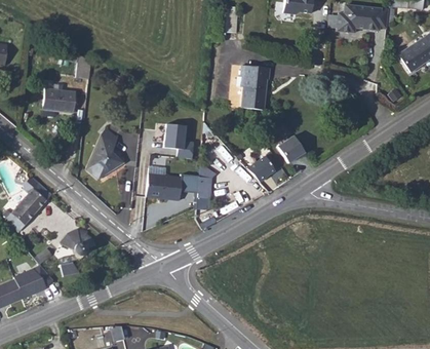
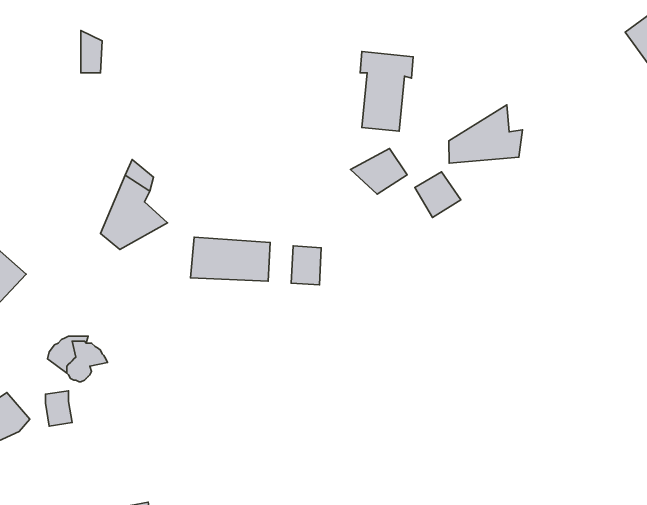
building: [41,87,74,112] -> none
building: none -> [449,105,522,163]
building: [162,123,192,157] -> none
building: [243,155,276,182] -> [351,148,407,194]

